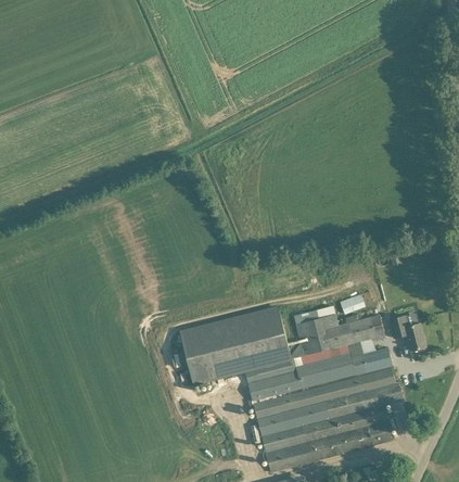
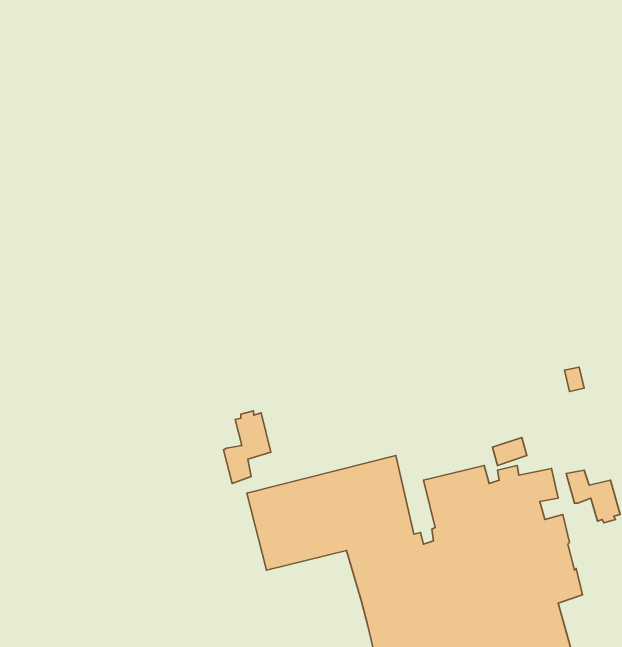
building: none -> [223,411,271,483]

